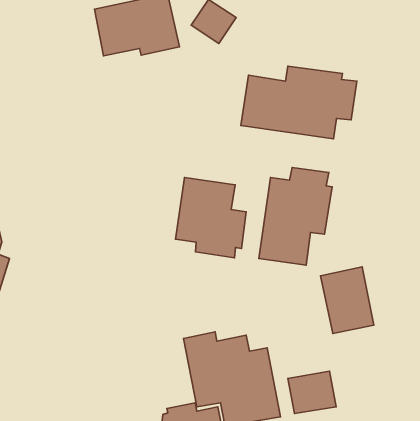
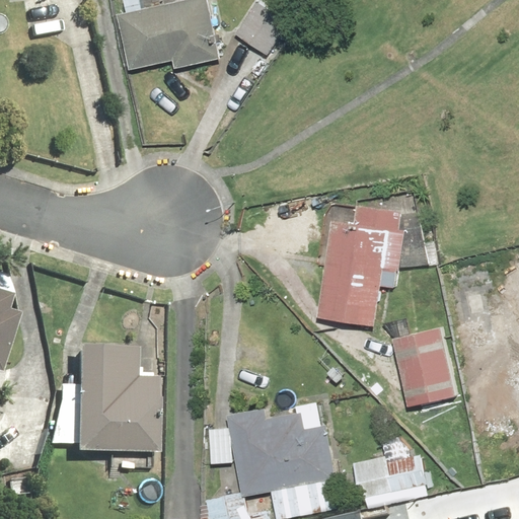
building: [241,66,357,139] -> none
building: [176,177,246,258] -> none
building: none -> [68,345,152,455]

